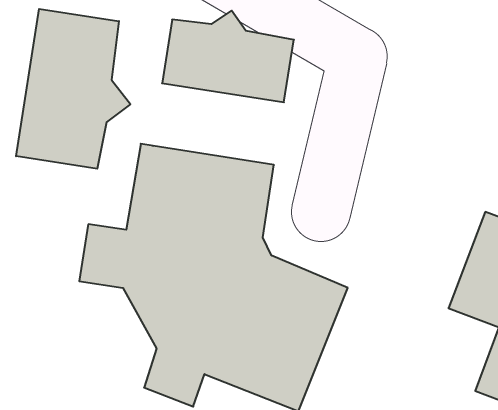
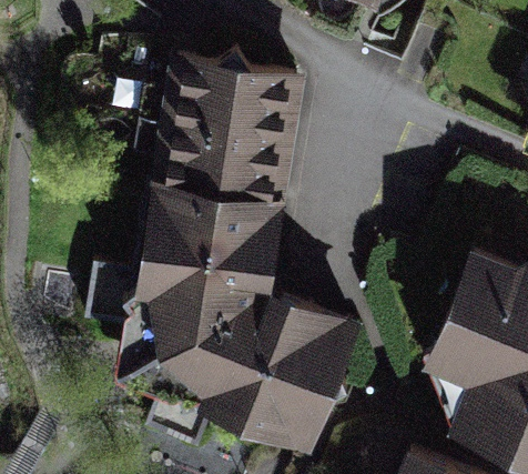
building: [16,9,130,169] -> none
building: none -> [156,125,286,206]

